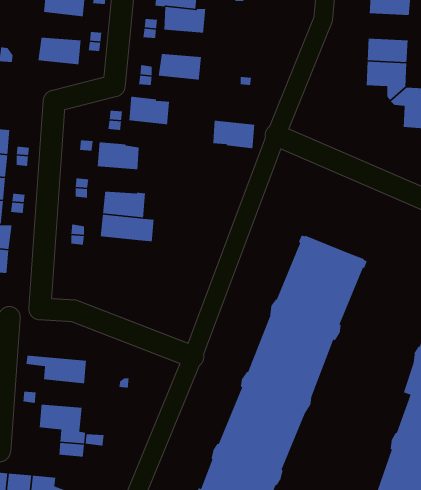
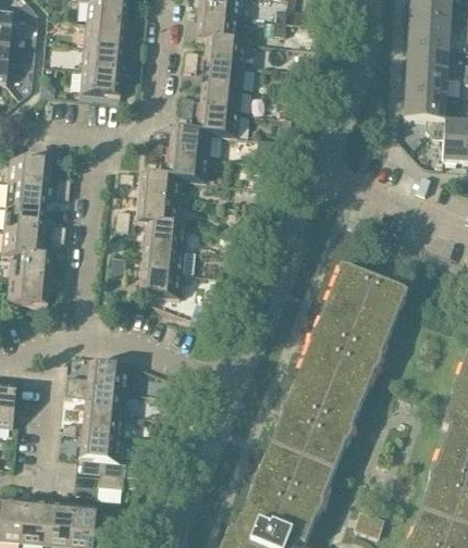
building: none -> [81,43,123,71]
building: none -> [406,45,447,71]
building: none -> [200,61,243,87]
building: [213,120,255,149] -> [196,107,238,136]
building: none -> [165,151,207,180]
building: none -> [134,197,177,223]
building: none -> [137,266,181,296]
building: none -> [66,361,128,389]
building: none -> [81,409,124,436]

